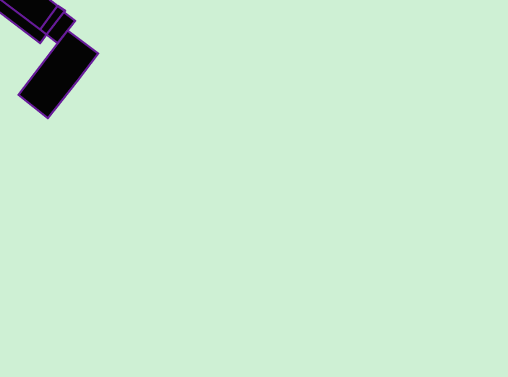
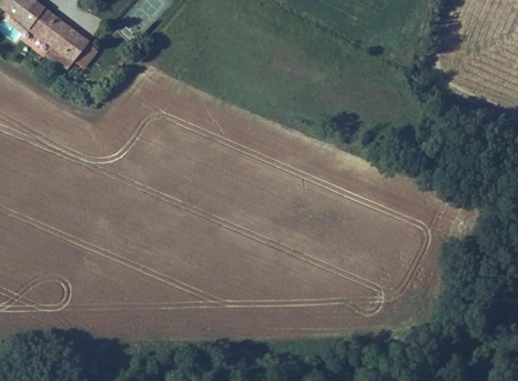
building: [18,30,98,118] -> none

